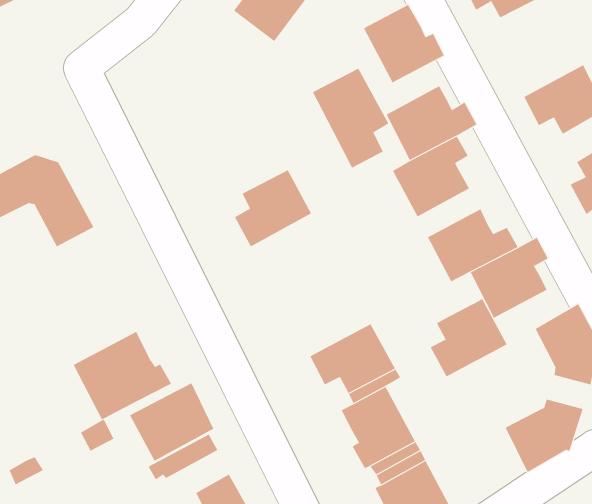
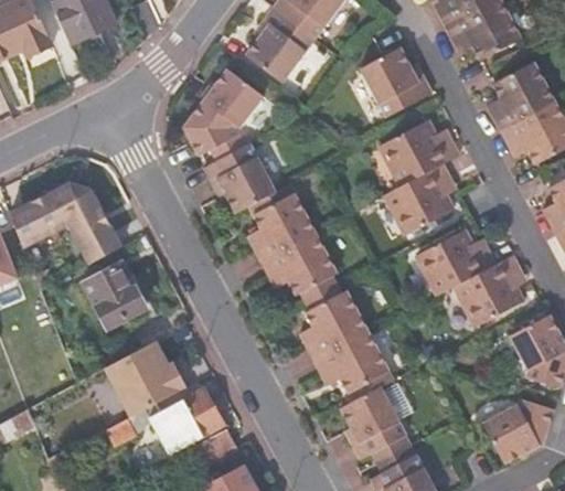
building: none -> [487,62,554,131]
building: none -> [182,71,263,157]
building: [312,68,389,169] -> none
building: none -> [203,145,276,215]
building: none -> [260,234,335,296]
building: none -> [83,261,145,327]
building: [430,298,507,377] -> [298,290,366,360]

